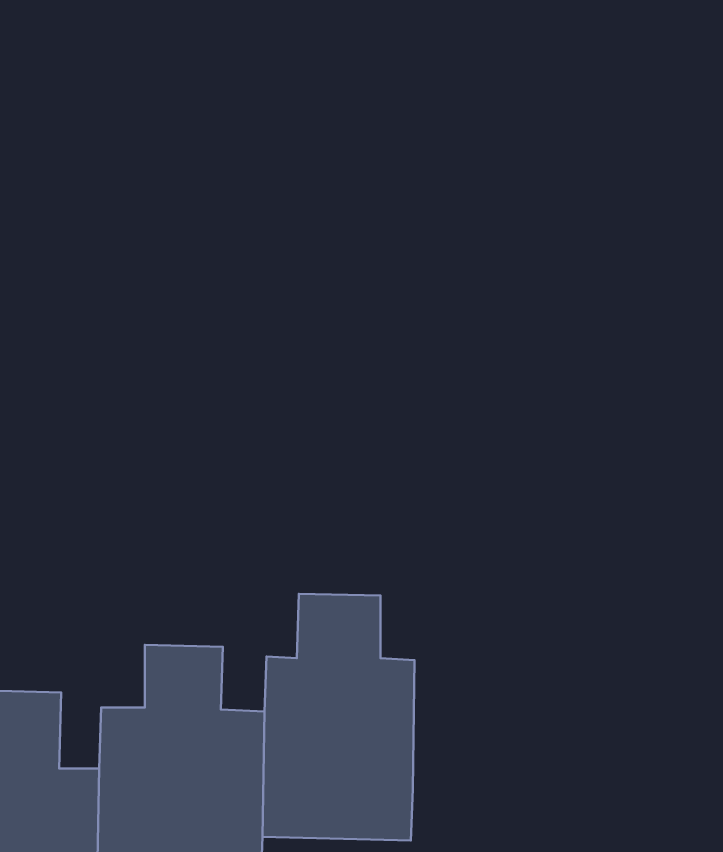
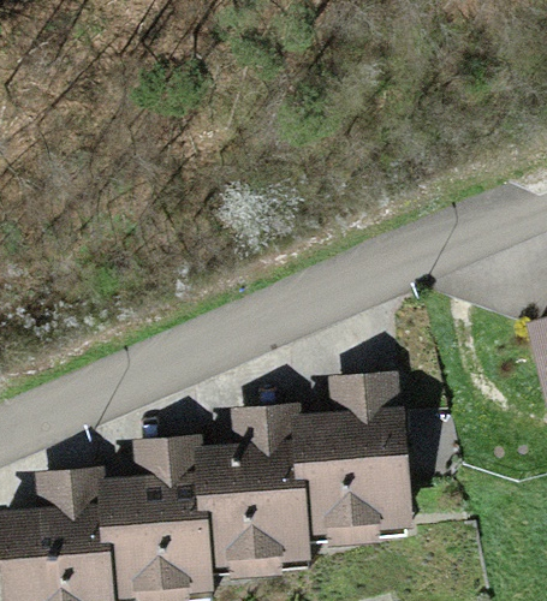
building: none -> [305,376,409,536]

